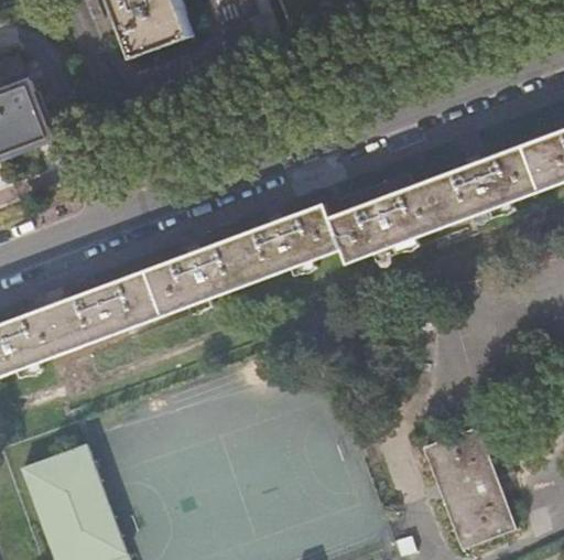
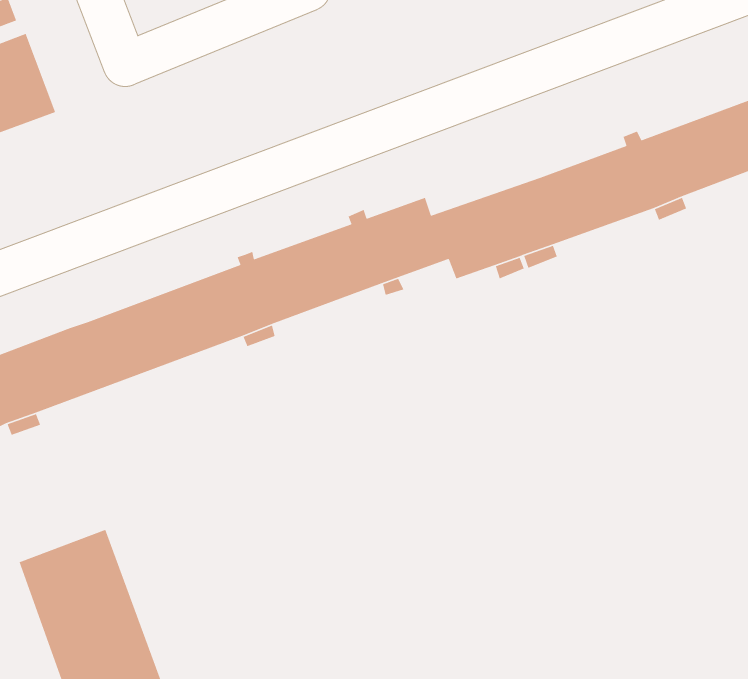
building: [423,428,514,549] -> none

